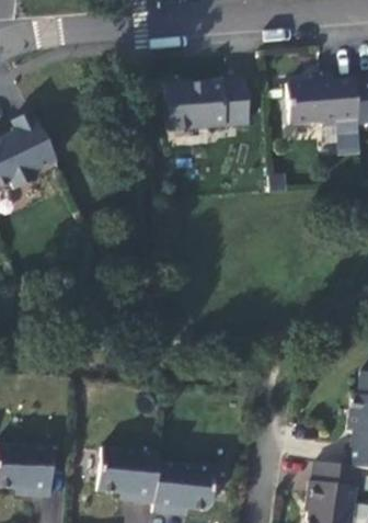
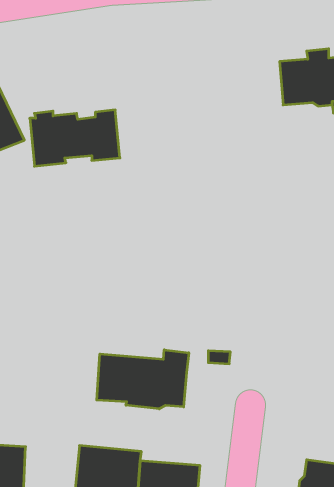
building: [168,81,252,134] -> [30,110,120,166]
building: none -> [97,350,189,409]

